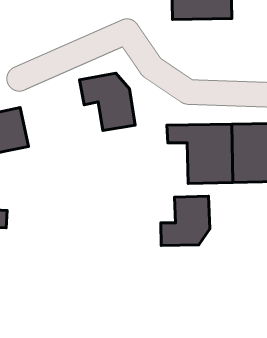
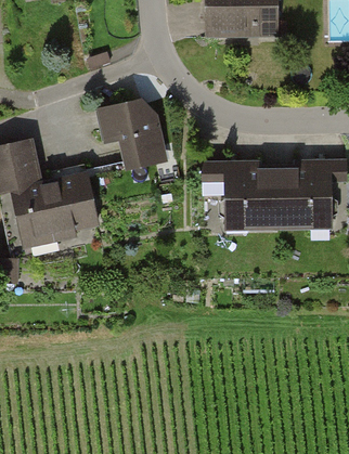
building: none -> [13,176,96,239]
building: [161,196,210,245] -> none

